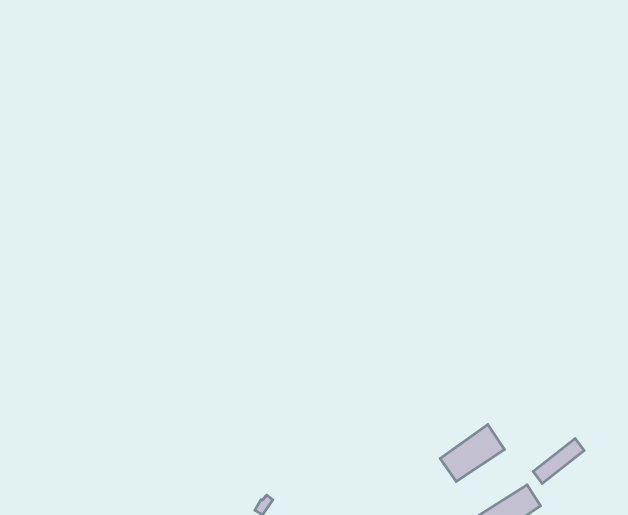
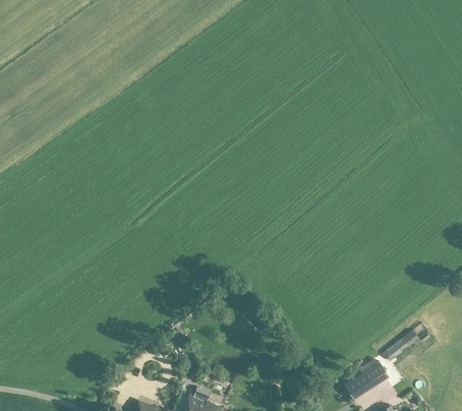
building: [440,424,505,482] -> none

